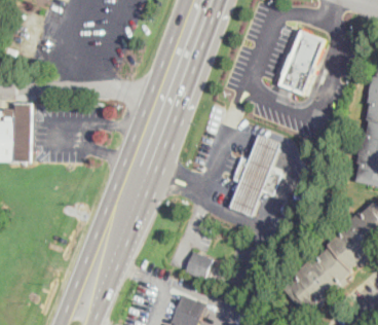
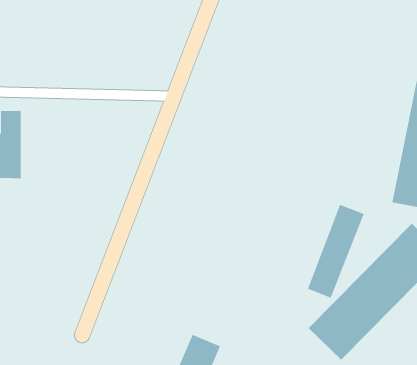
building: [276,29,324,94] -> none
building: [231,134,280,215] -> [307,204,365,299]
building: [183,251,211,279] -> none

